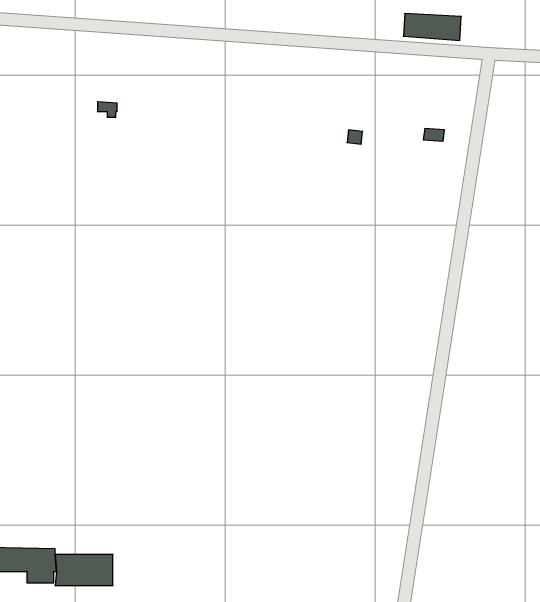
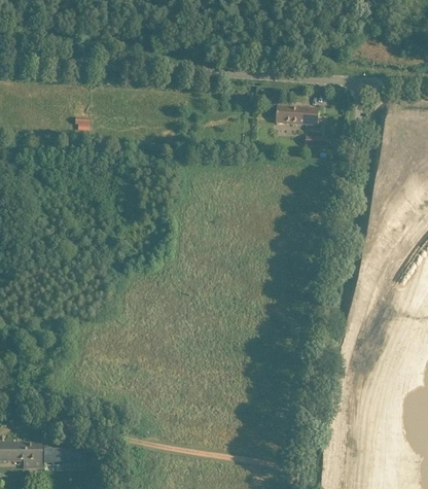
building: [403,14,461,40] -> [273,105,315,125]

